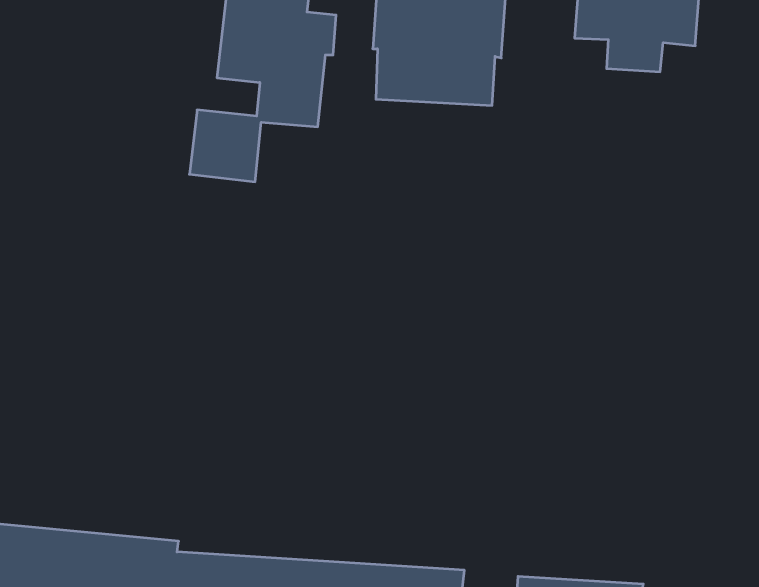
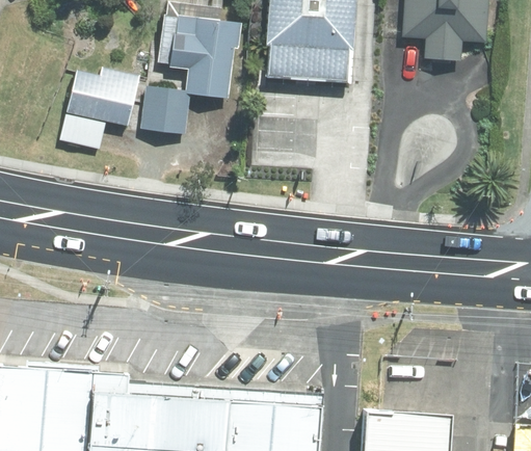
building: none -> [60,60,138,151]

